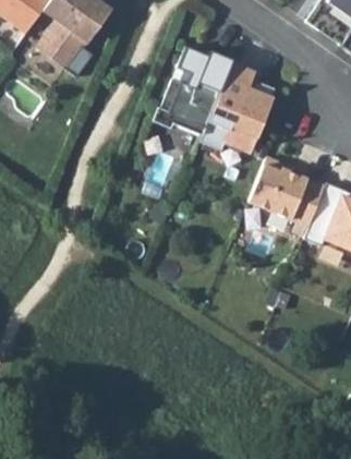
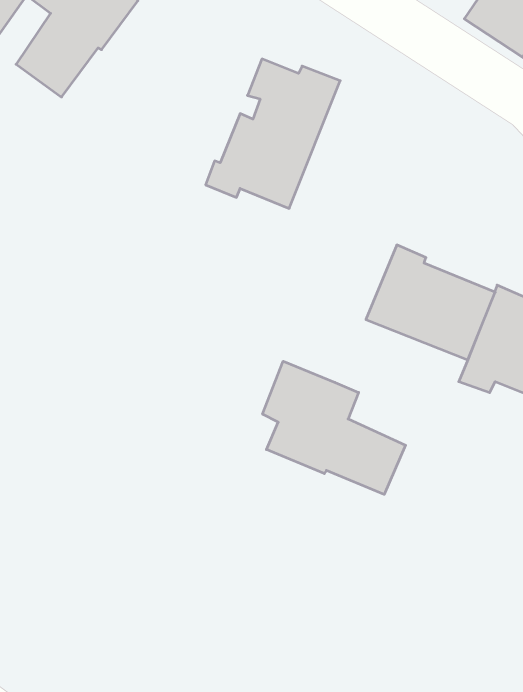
building: [199,62,276,149] -> none
building: none -> [263,361,406,494]

